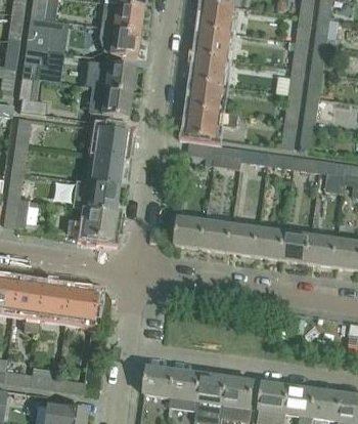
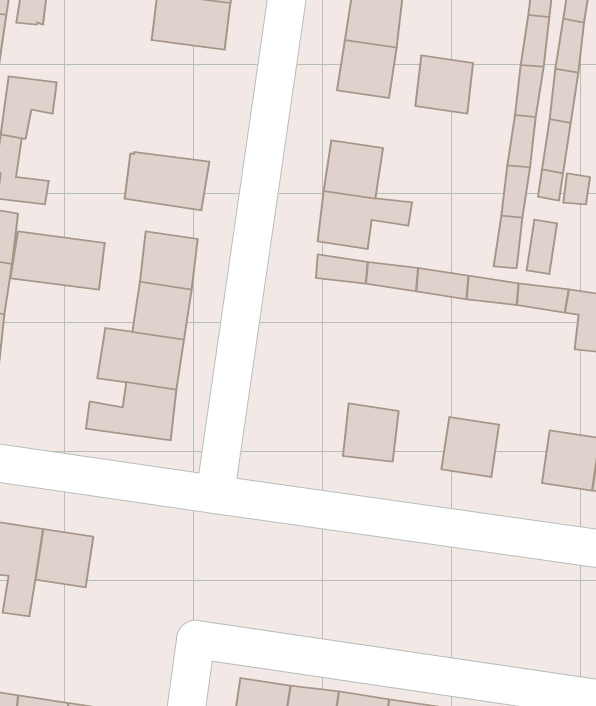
building: [26,18,57,50] -> none
building: [100,28,140,57] -> none
building: [196,54,227,85] -> [415,56,473,114]
building: [85,61,135,92] -> [10,232,105,290]
building: [176,216,206,248] -> none
building: [229,224,259,255] -> none
building: [281,231,312,262] -> none
building: [66,291,97,322] -> none

